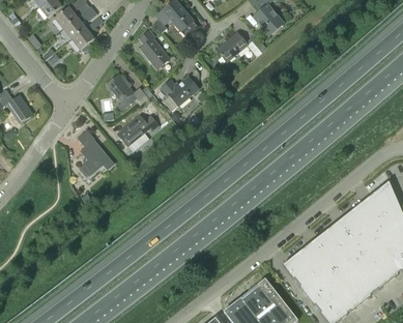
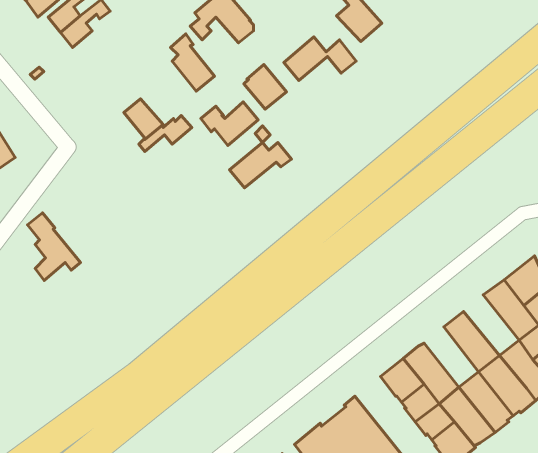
building: [71,16,104,51] -> none
building: none -> [244,64,287,109]
building: [117,114,160,145] -> [229,143,291,188]
building: [77,128,113,175] -> [28,213,80,281]
building: [340,208,378,249] -> none
building: [313,230,350,271] -> none

